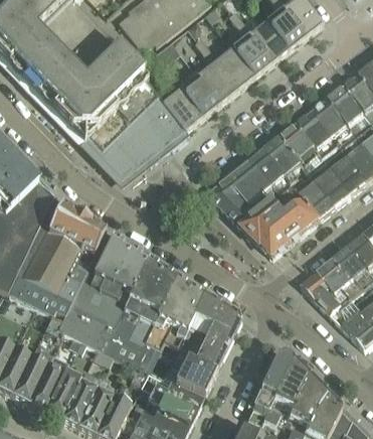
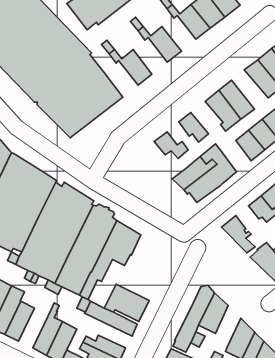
building: [230,32,270,75] -> none
building: [196,58,236,102] -> none
building: [162,86,202,129] -> none
building: [313,97,356,143] -> none
building: [264,134,303,172] -> none
building: [236,158,273,191] -> none
building: [301,180,336,217] -> none
building: [208,181,258,226] -> none
building: [318,258,354,291] -> none
building: [176,292,239,370] -> none
building: [60,372,100,426] -> none
building: [290,376,324,425] -> none
building: [147,391,195,426] -> none

